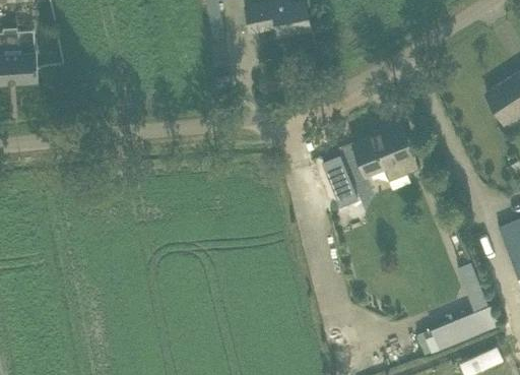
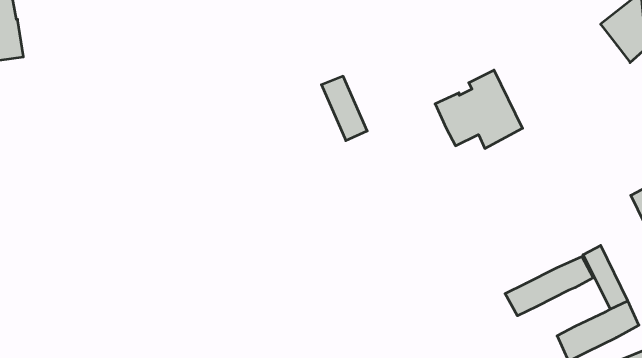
building: [326,153,359,203] -> [321,76,367,141]
building: none -> [505,257,593,316]

